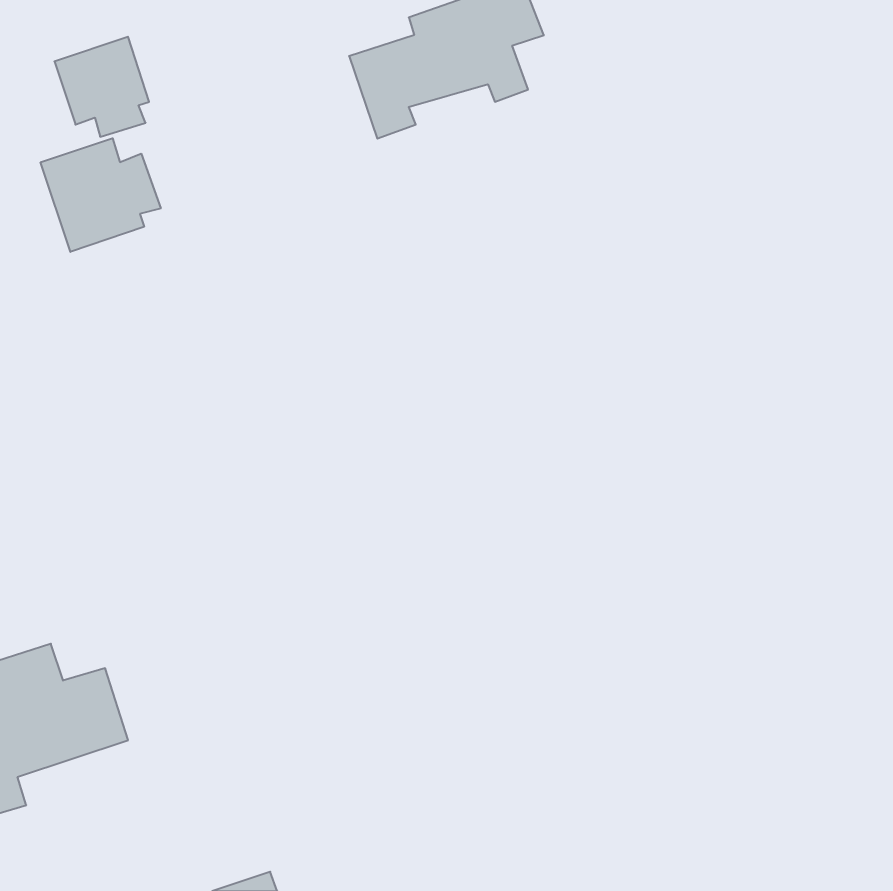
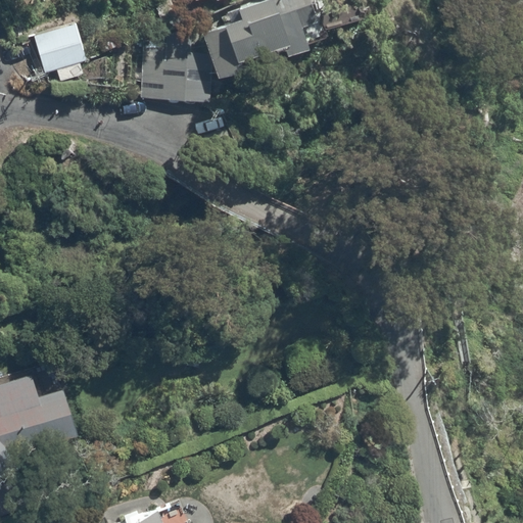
building: none -> [141,35,206,99]
building: [41,138,161,252] -> none

